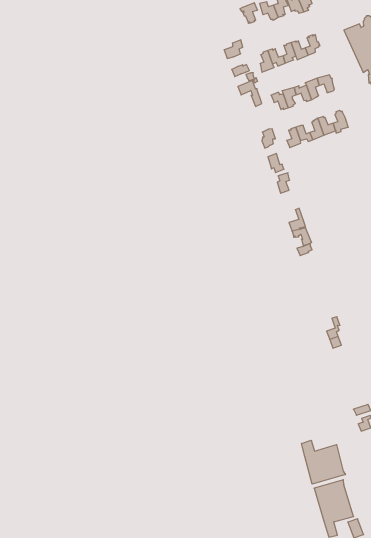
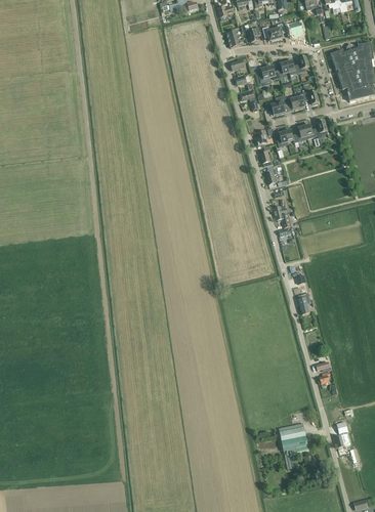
building: [302,440,345,484] -> none

